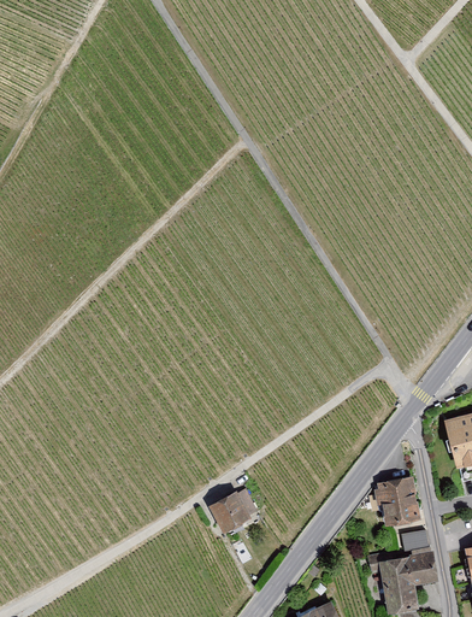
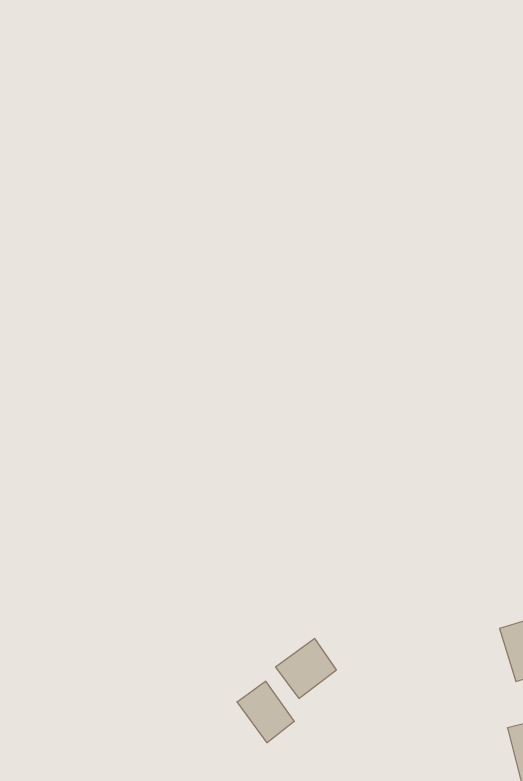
building: none -> [237,681,294,743]

